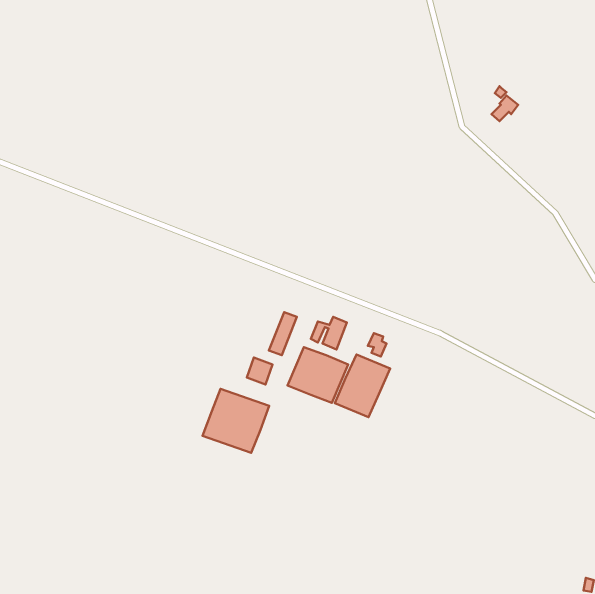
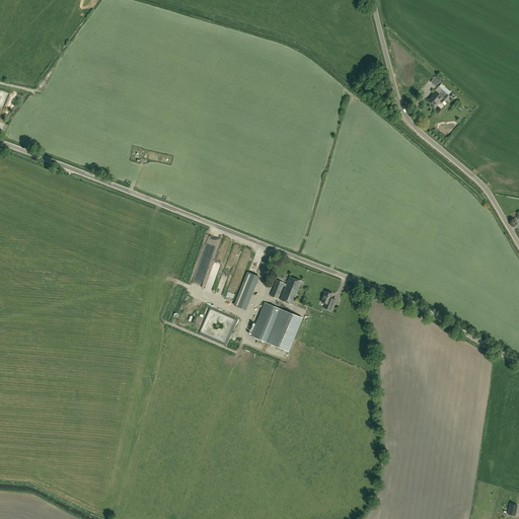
building: [335,354,390,417] -> none
building: [202,389,269,453] -> none

